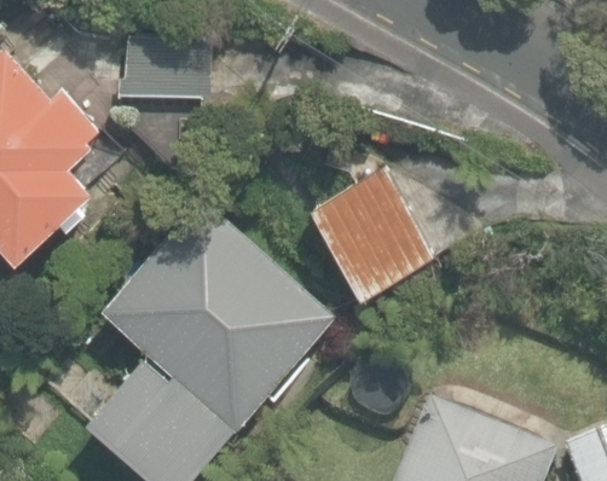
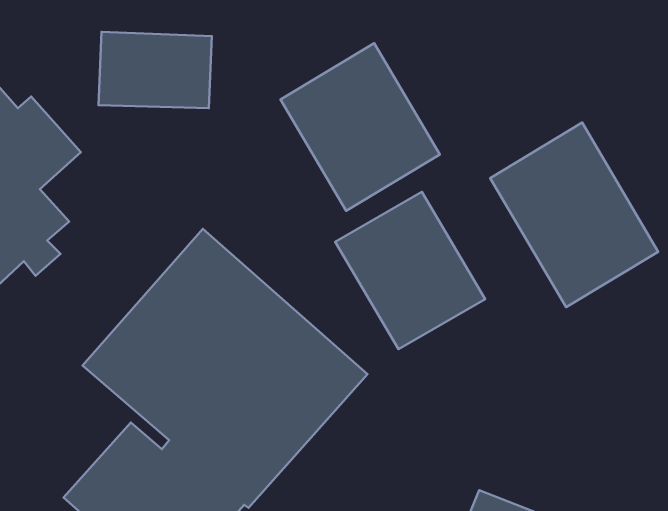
building: none -> [280,43,440,211]
building: none -> [490,122,658,307]

